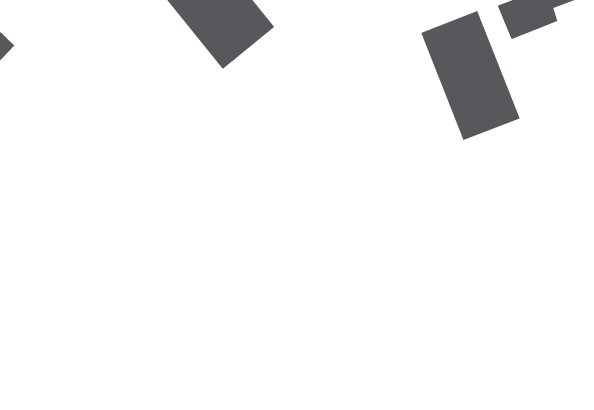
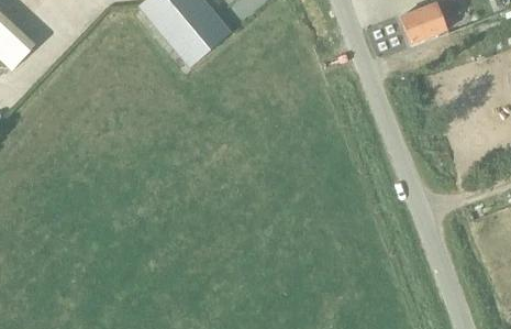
building: [420,10,520,141] -> none

